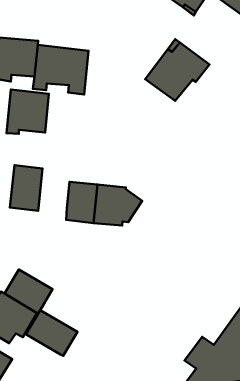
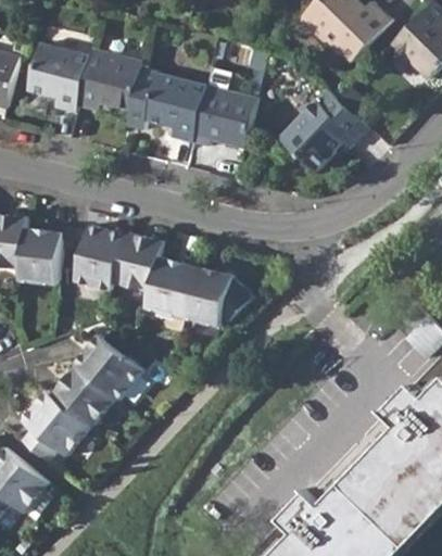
building: [6,90,49,134] -> [193,85,257,149]
building: none -> [112,231,162,291]
building: [26,310,78,356] -> [72,333,141,399]

